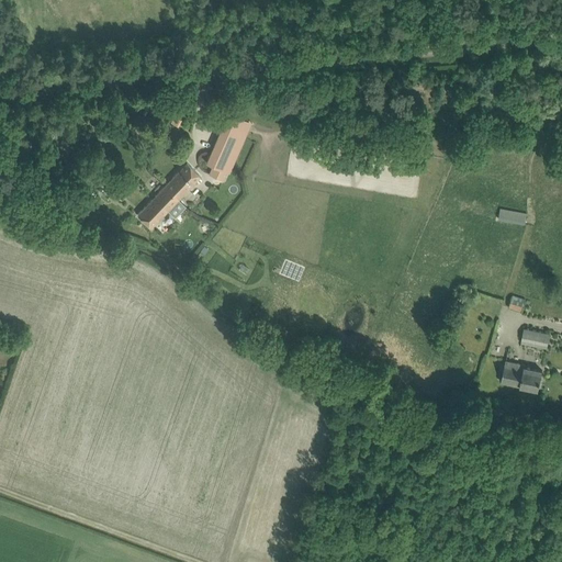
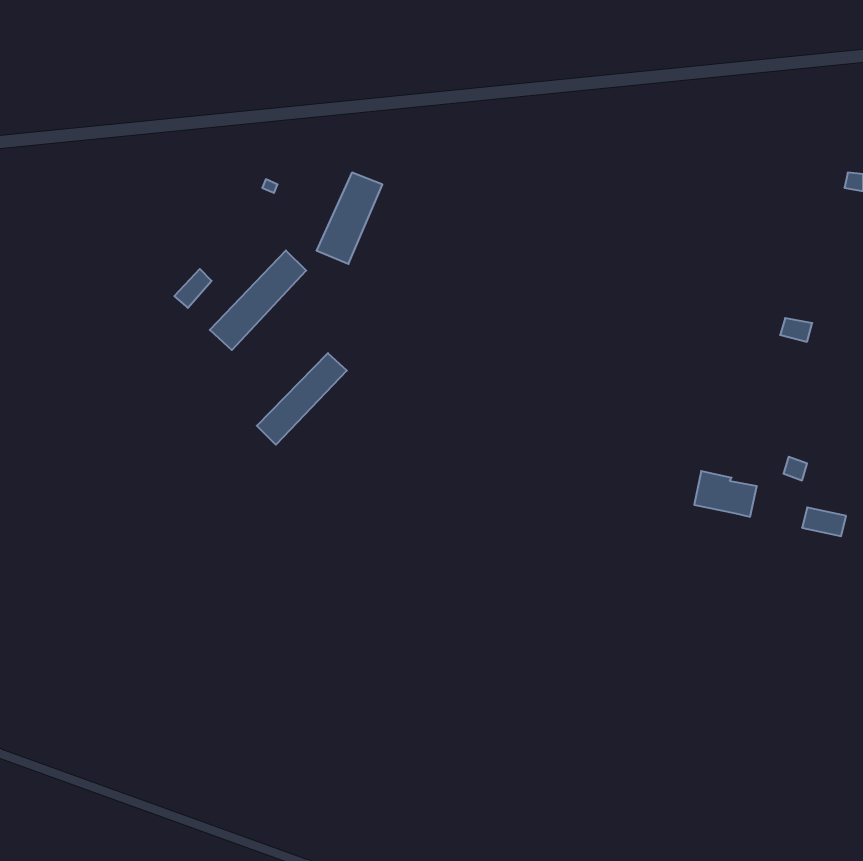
building: none -> [257,353,347,445]
building: [501,362,541,392] -> [694,471,757,517]

